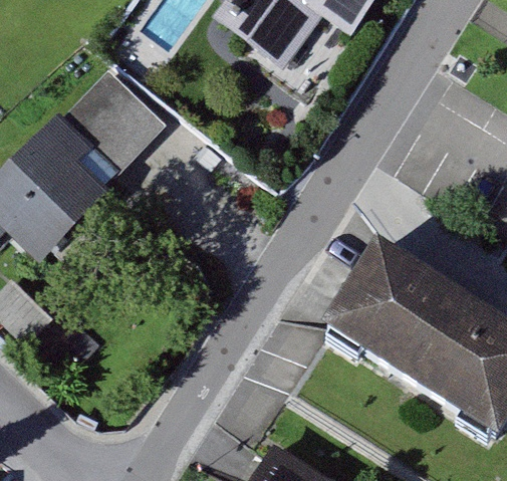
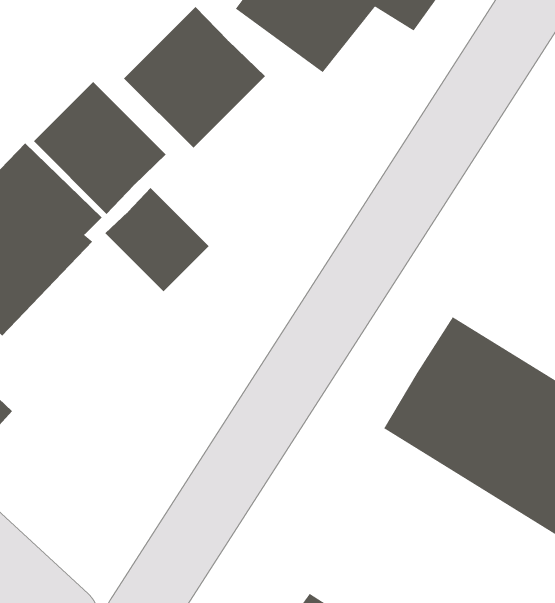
building: none -> [123,6,266,148]
building: none -> [105,187,210,292]

